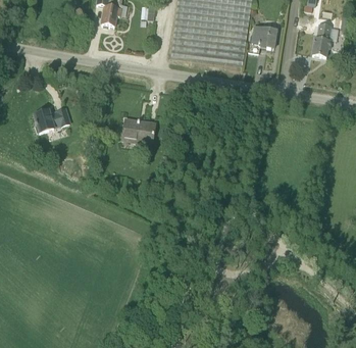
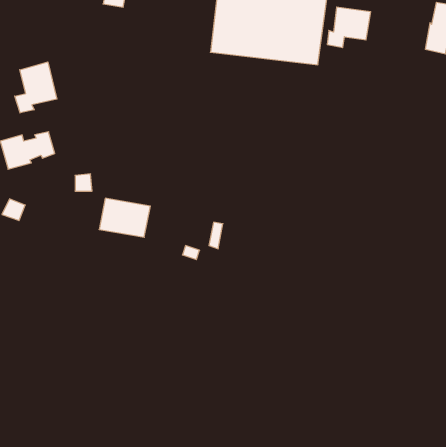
building: none -> [15,62,57,113]
building: [121,118,155,144] -> [99,198,150,237]

